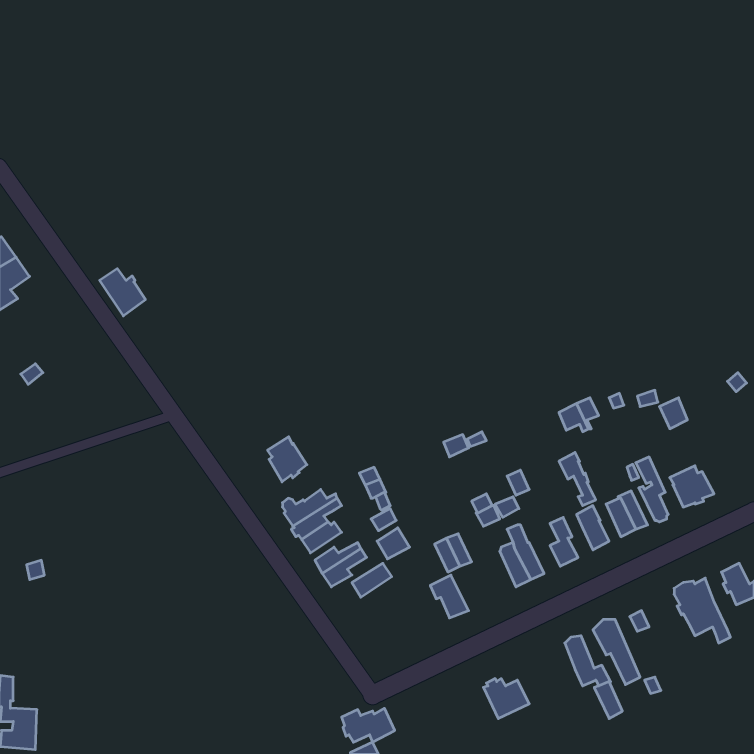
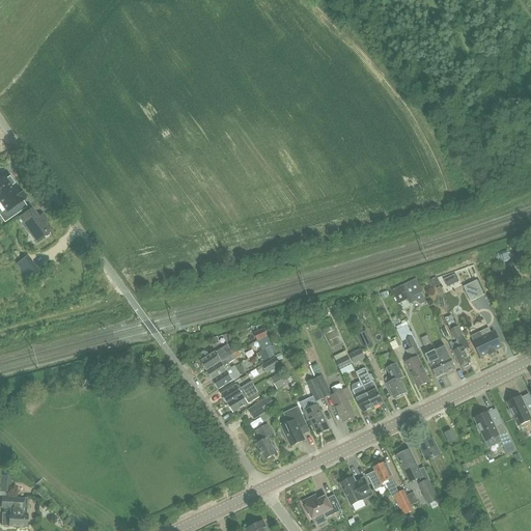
building: [100,269,145,316] -> [19,207,51,241]
building: [268,437,307,482] -> none
building: none -> [330,387,354,421]
building: none -> [280,406,306,446]
building: none -> [254,424,276,459]
building: none -> [366,460,410,508]
building: [342,708,395,742] -> [303,494,340,518]

